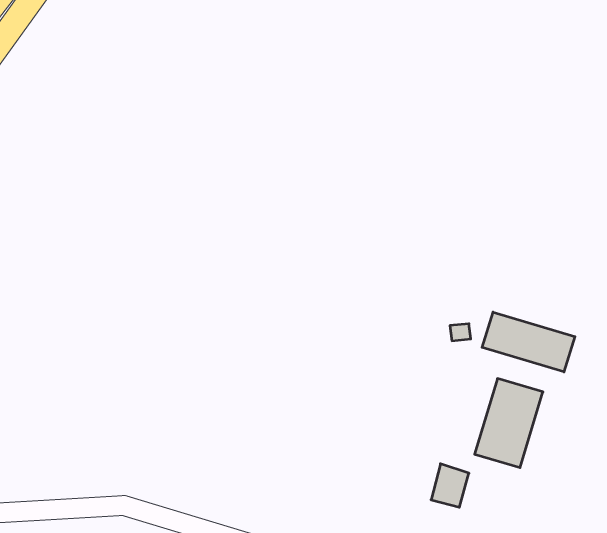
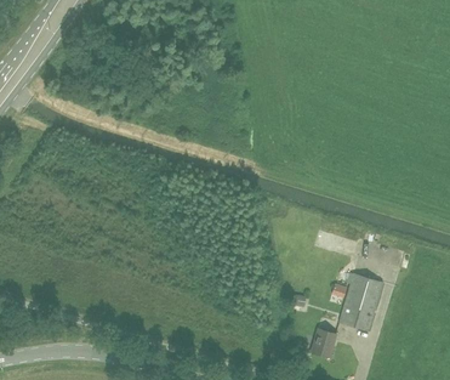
building: [482,312,575,372] -> none

